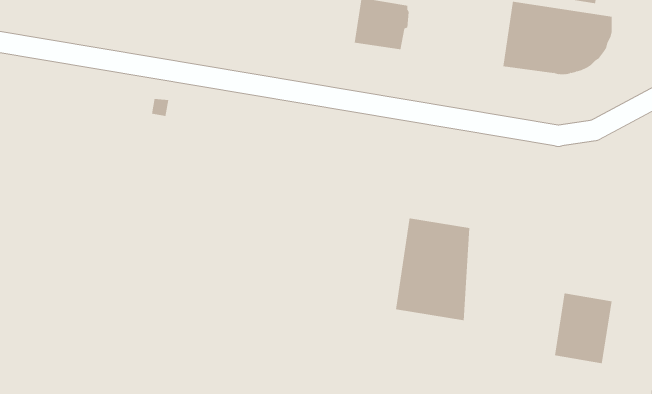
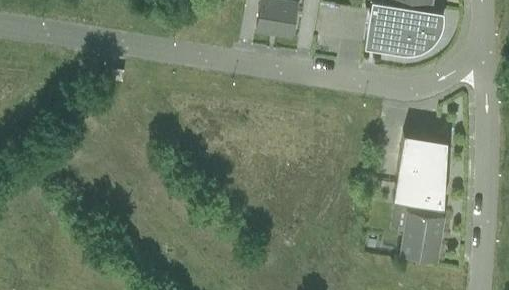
building: [395,218,470,321] -> [394,137,448,211]

